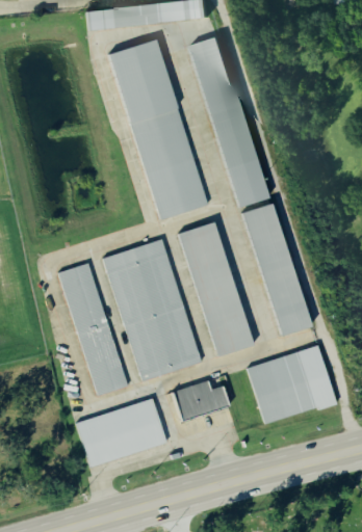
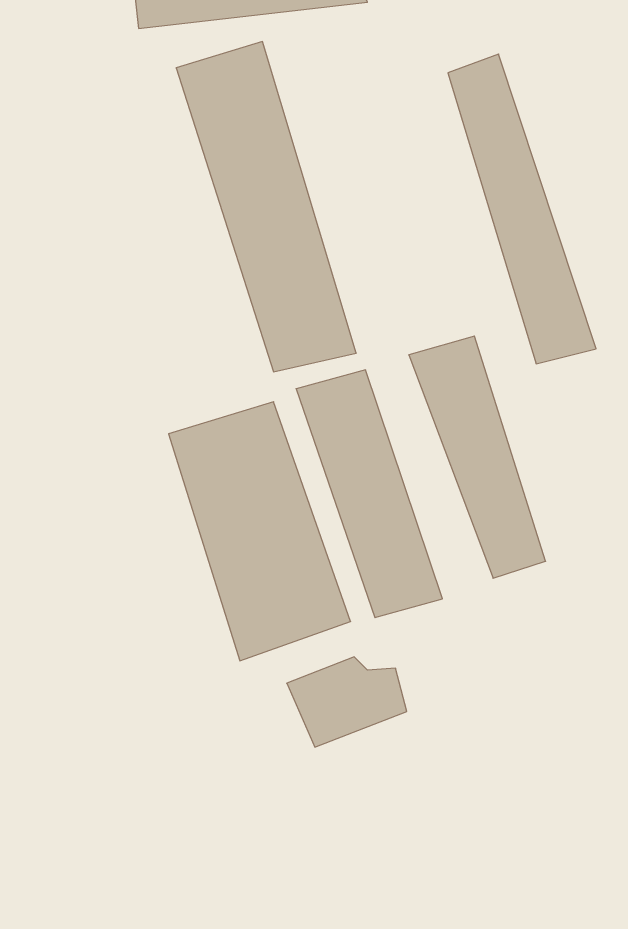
building: [188,32,270,204] -> [448,54,596,364]
building: [57,262,125,392] -> none
building: [242,343,336,422] -> none
building: [73,395,172,470] -> none

